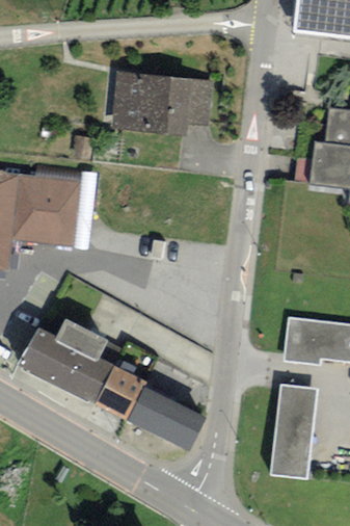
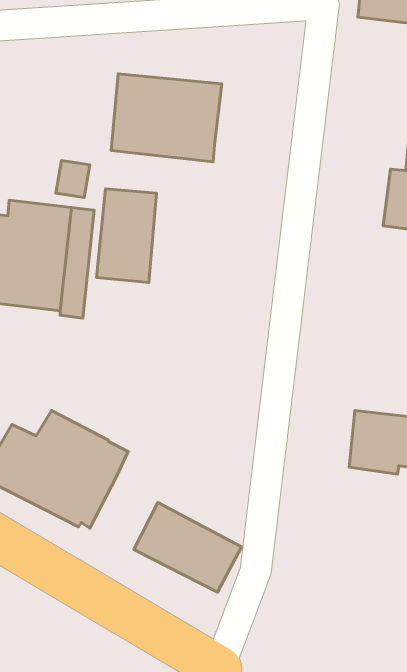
building: [186,78,213,125] -> none
building: none -> [96,189,157,282]
building: [95,365,146,419] -> none
building: [270,383,318,477] -> none

